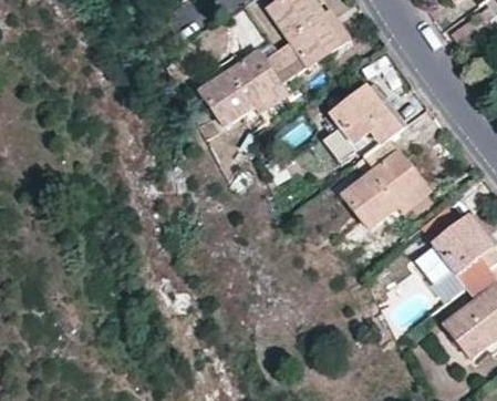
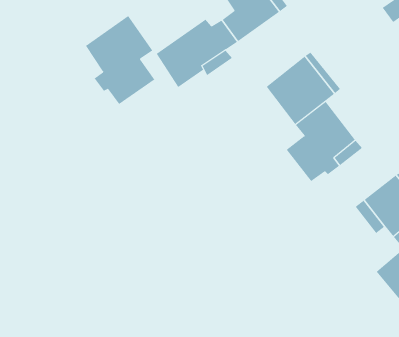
building: none -> [85,15,155,105]

